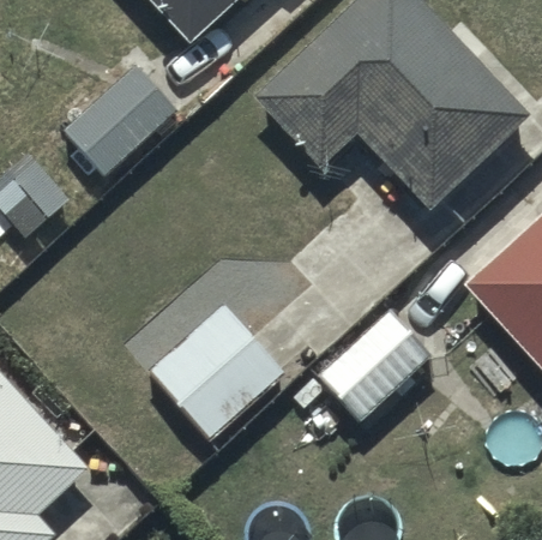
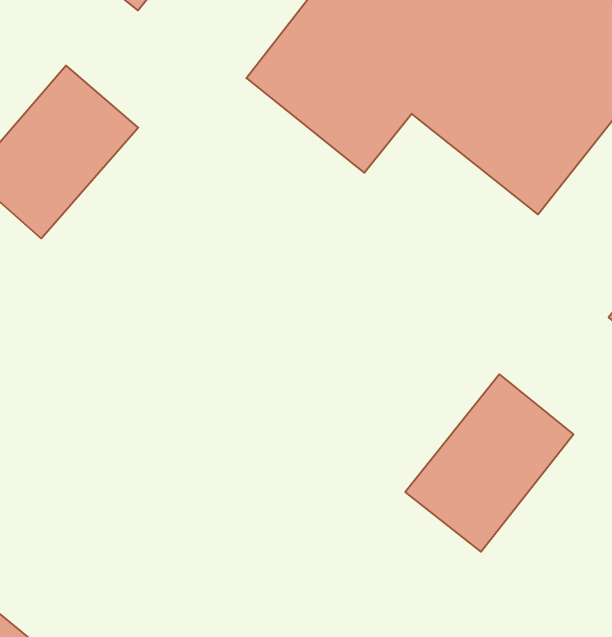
building: [150,306,284,440] -> none

